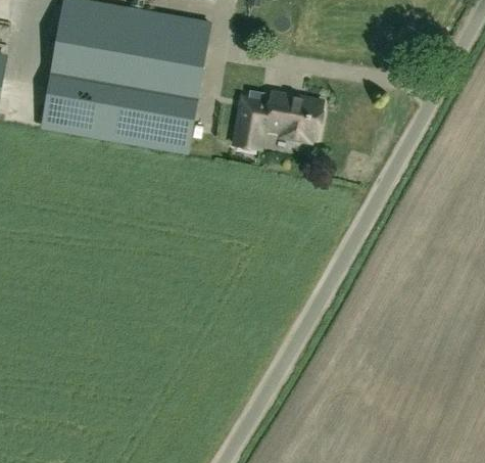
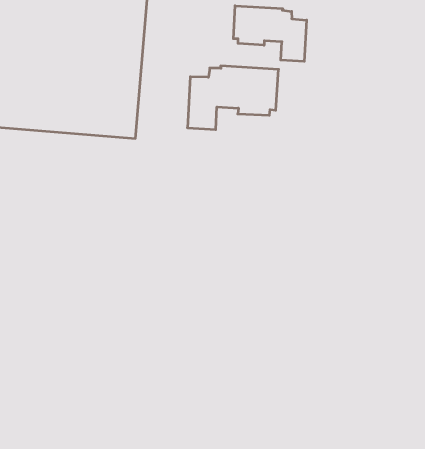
building: none -> [233,6,307,61]

